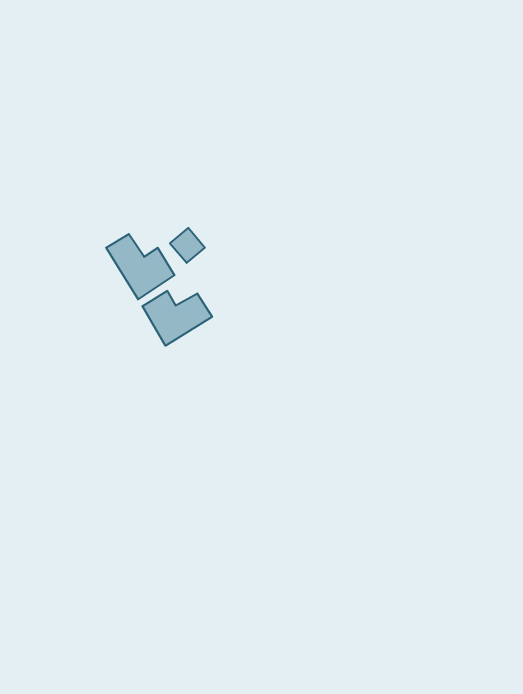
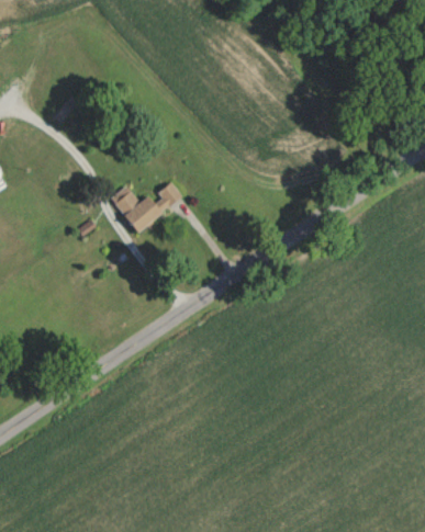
building: [142,291,212,346] -> none

